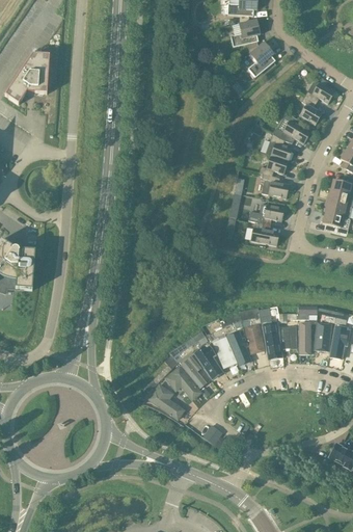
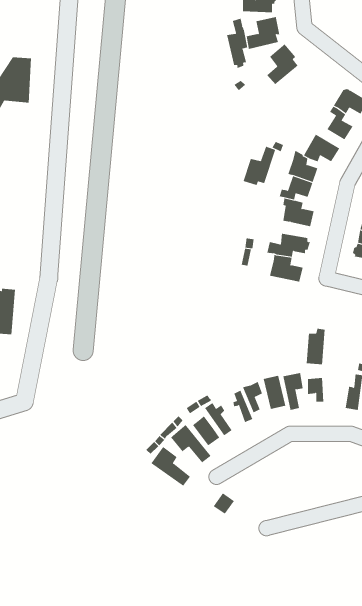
building: none -> [227,18,248,69]
building: none -> [243,146,276,186]
building: [299,320,316,351] -> [306,328,325,365]

